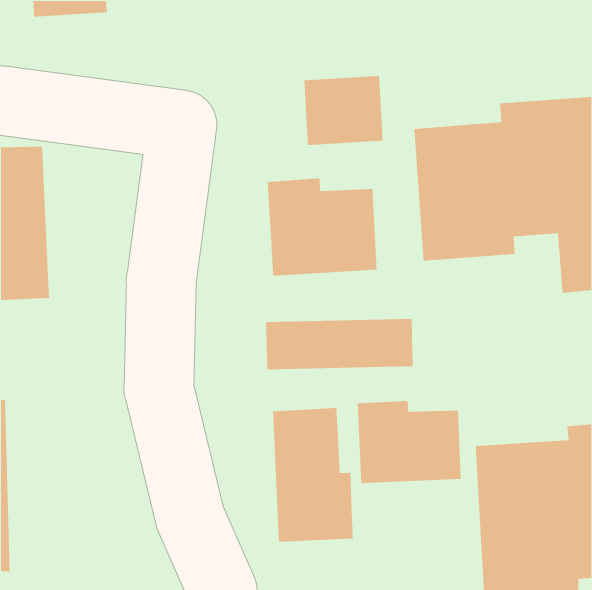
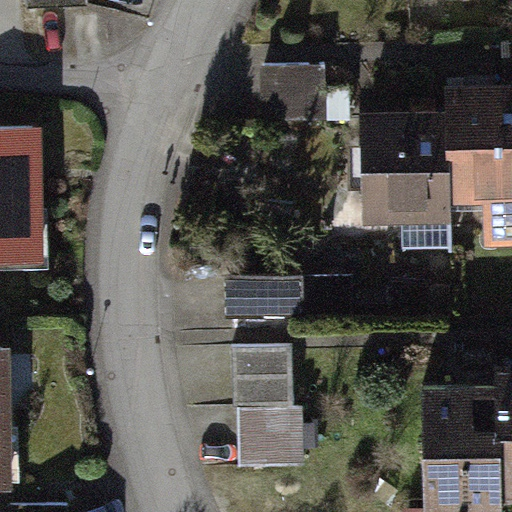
building: [267,177,378,277] -> none
building: [357,400,461,484] -> none

